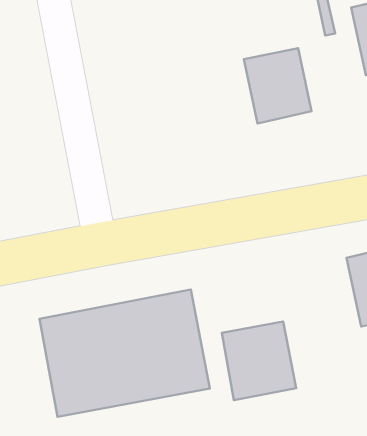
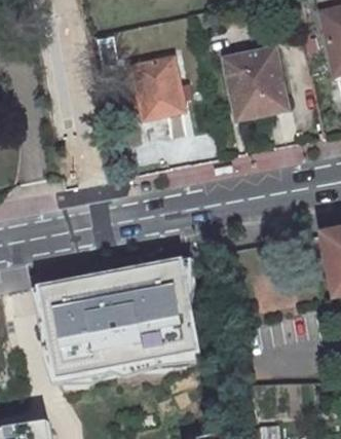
building: none -> [134,54,182,115]
building: [222,321,296,400] -> none

